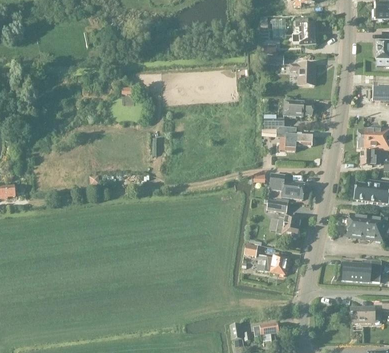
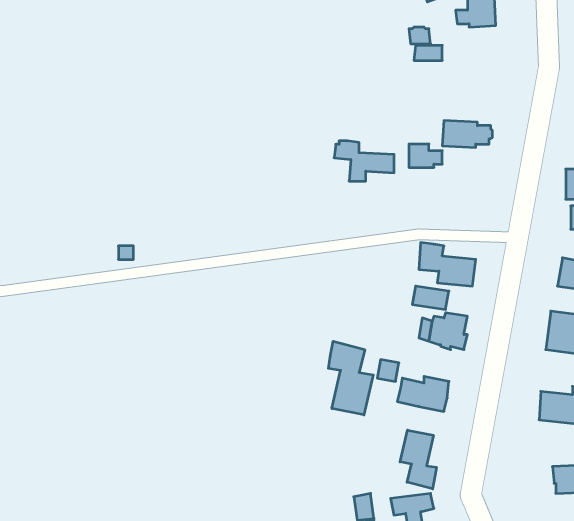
building: [290,63,315,85] -> none
building: [276,126,312,150] -> [334,141,394,181]
building: none -> [328,341,373,415]
building: none -> [400,430,436,489]

